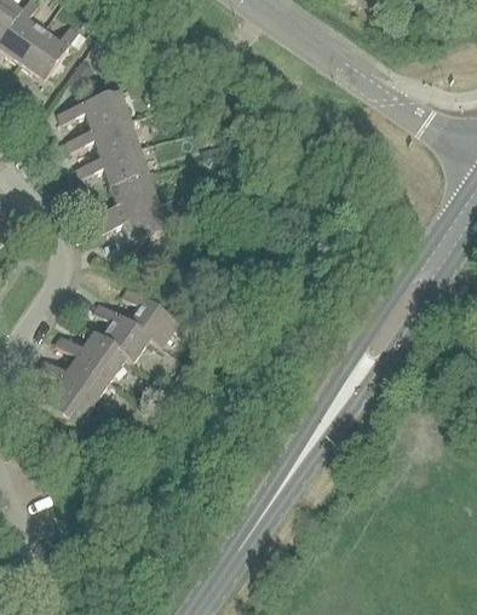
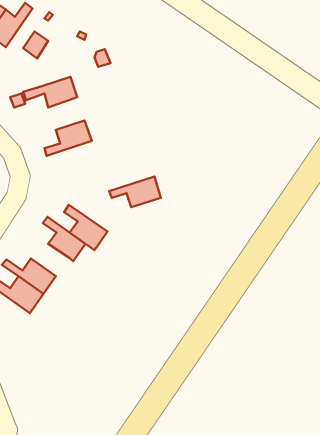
building: [57,91,128,131] -> none
building: [76,145,146,188] -> none
building: [97,202,165,242] -> [109,176,161,207]
building: [54,332,126,379] -> none

